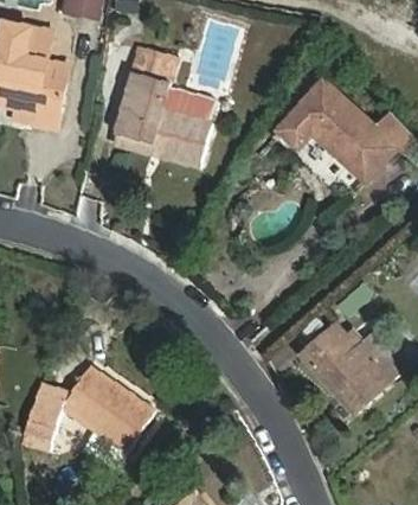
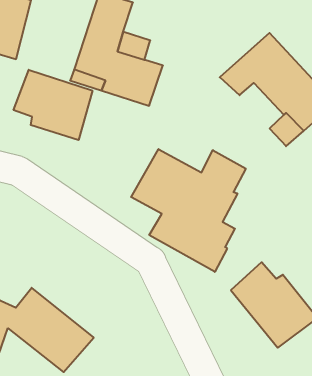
building: none -> [14,70,92,140]
building: none -> [131,149,246,272]

